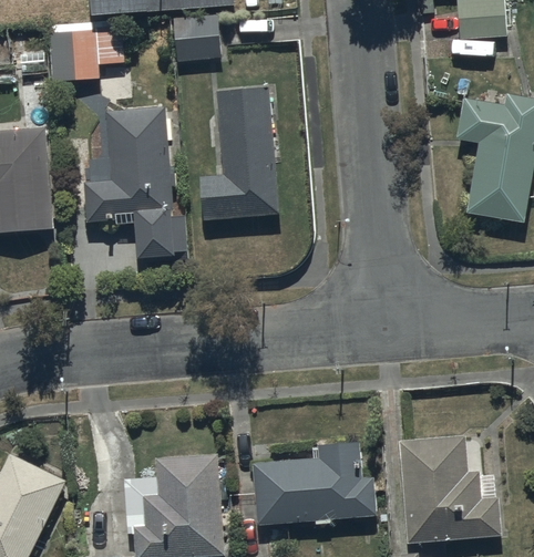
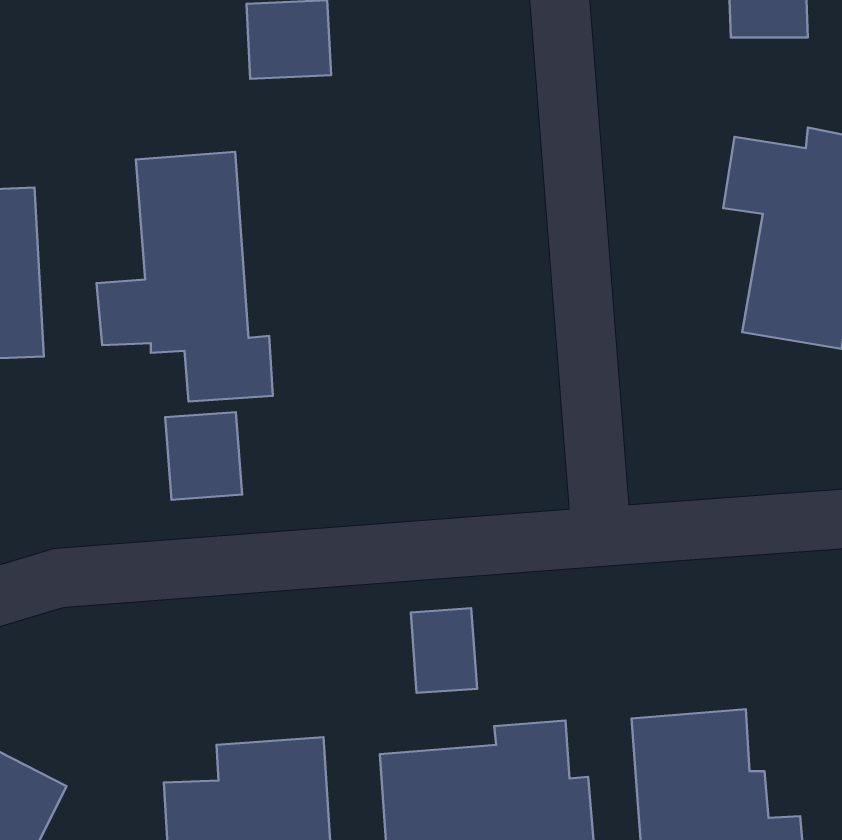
building: [49,30,125,80] -> none
building: [201,86,279,219] -> none
building: none -> [165,412,242,500]
building: none -> [411,608,477,693]

